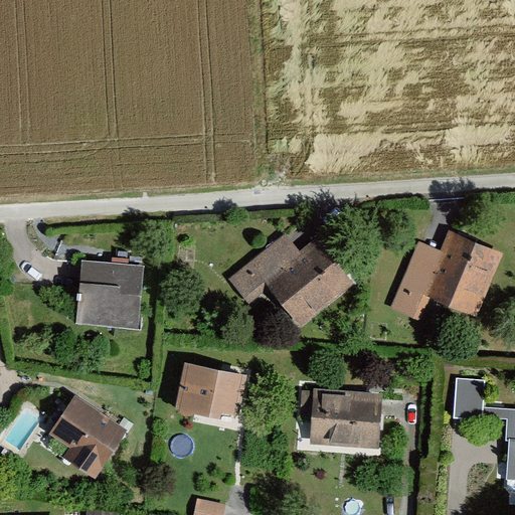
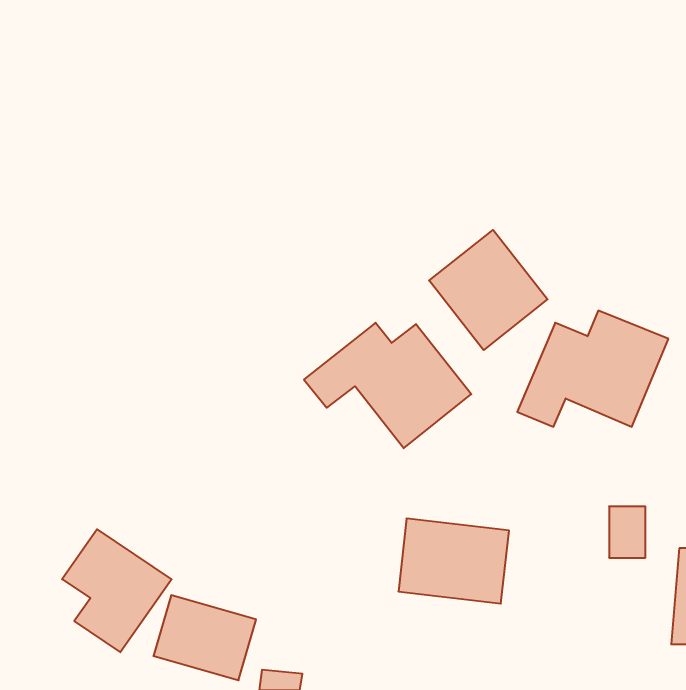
building: none -> [429,230,548,350]
building: [72,260,147,328] -> none
building: [168,360,244,423] -> [153,595,256,680]

